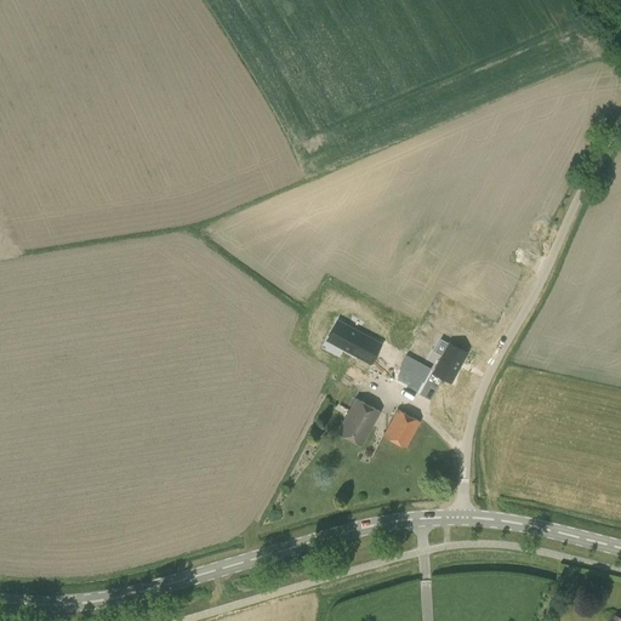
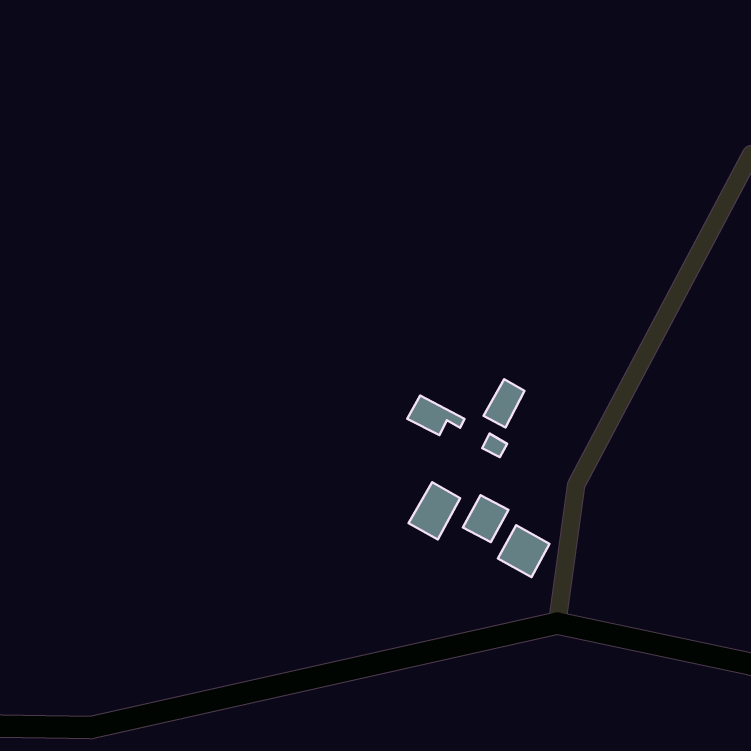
building: [432,341,466,381] -> [483,379,525,428]
building: none -> [498,525,550,577]

